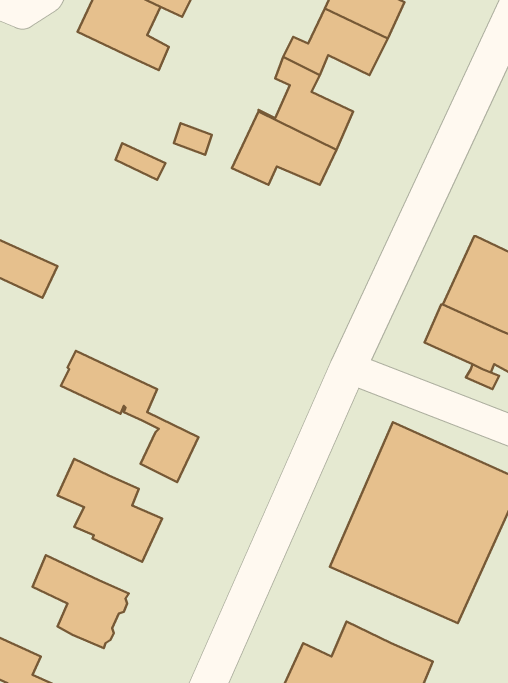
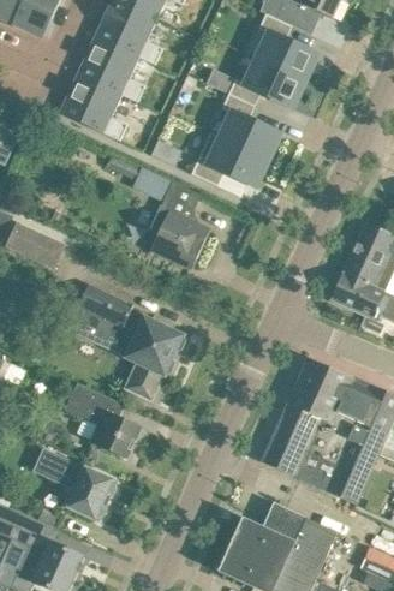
building: none -> [60,74,127,141]
building: none -> [148,180,209,268]
building: none -> [77,282,181,369]

